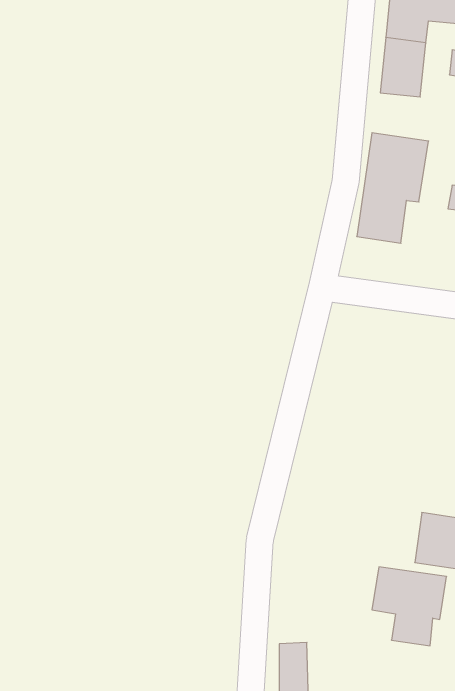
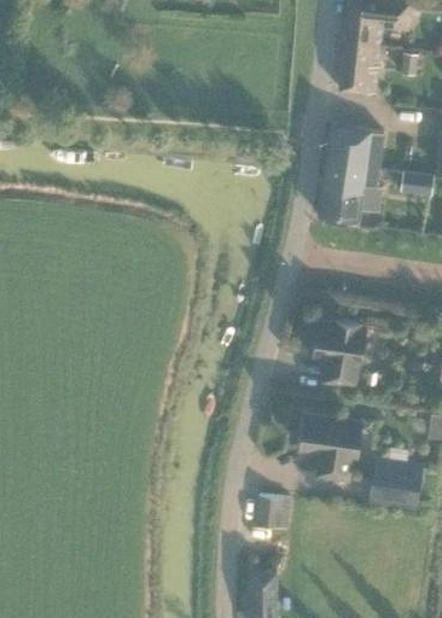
building: none -> [318,321,368,385]
building: none -> [256,497,291,531]
building: [372,567,447,646] -> [299,414,365,483]

